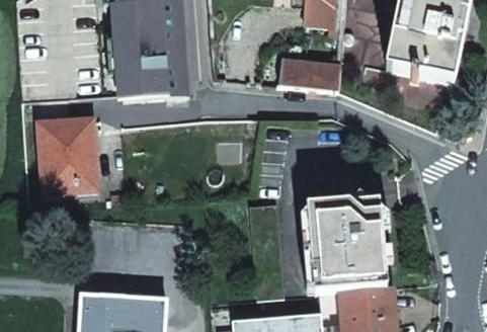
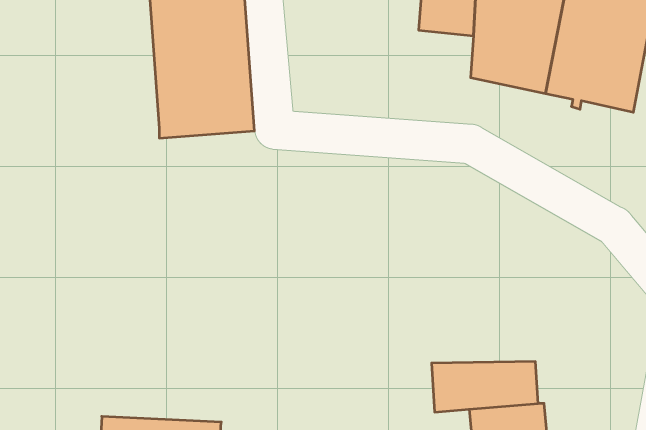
building: [278,59,339,90] -> none
building: [37,119,96,192] -> none
building: [309,199,386,258] -> none

